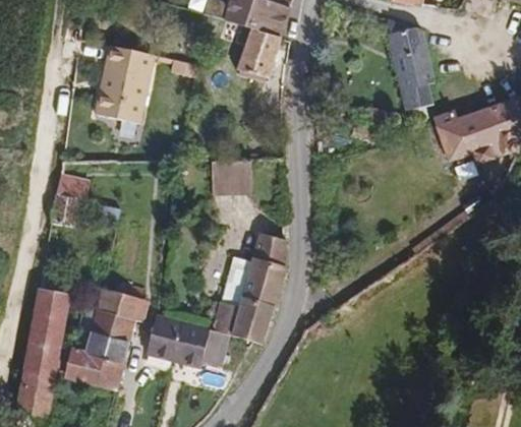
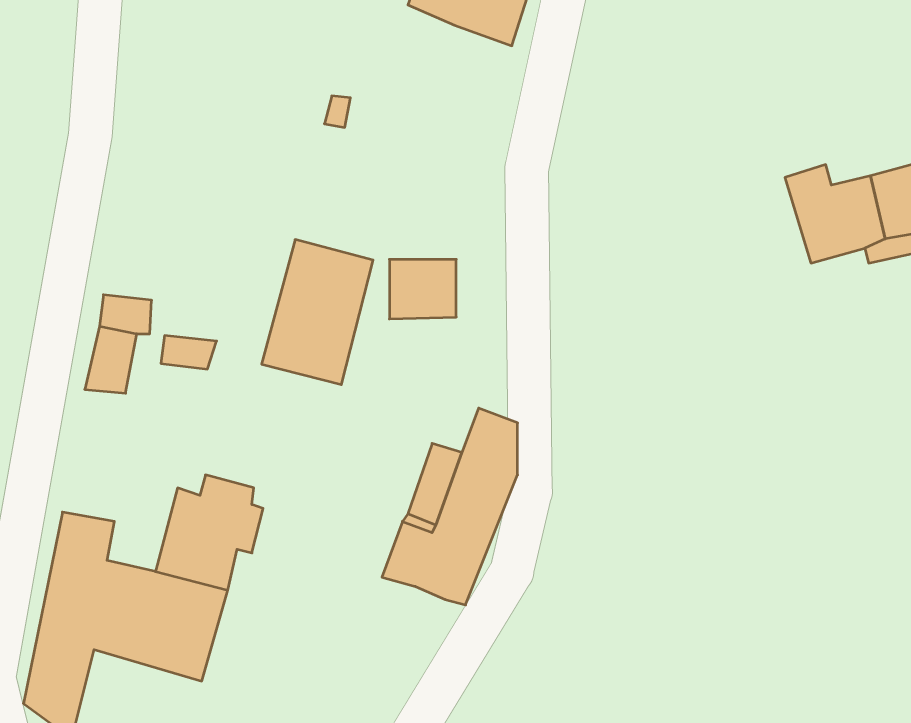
building: [387,24,433,109] -> none
building: [239,29,283,79] -> none
building: [95,50,156,129] -> [262,240,373,385]
building: [144,314,230,368] -> none

